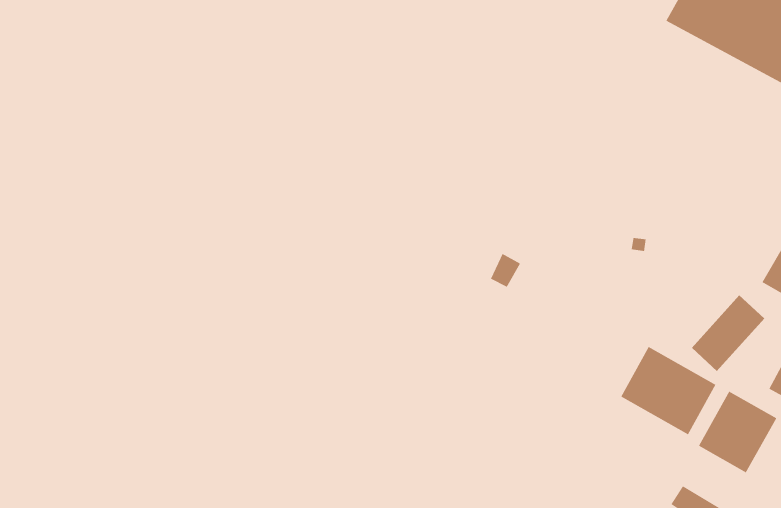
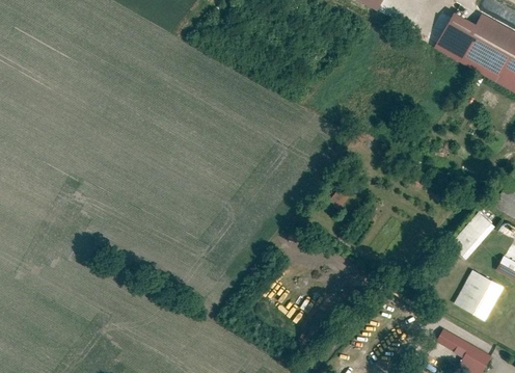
building: [620,346,716,435] -> none

